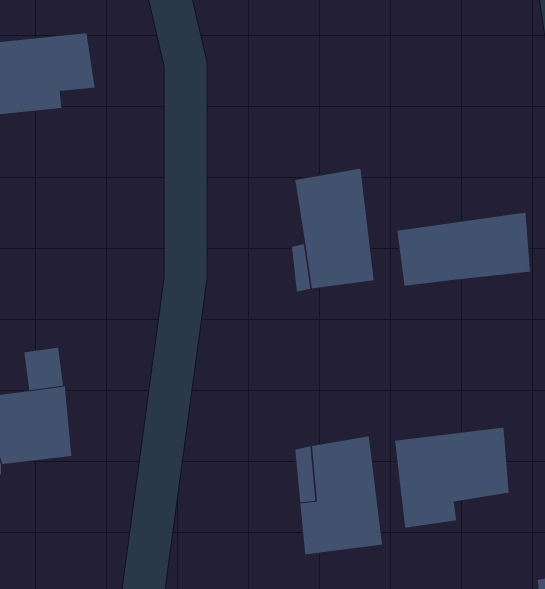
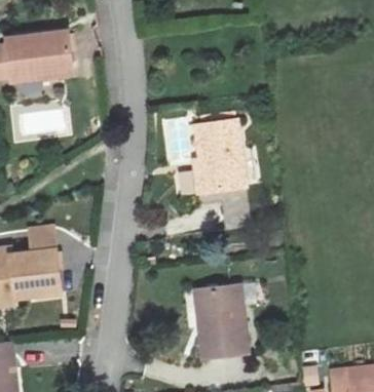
building: [397,212,530,287] -> none
building: [394,427,509,529] -> none

